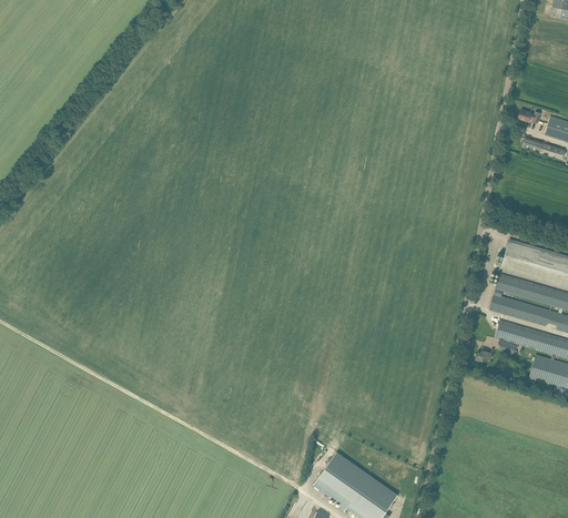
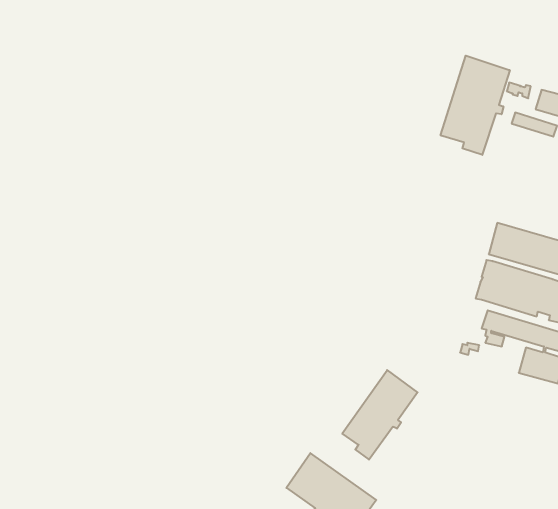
building: none -> [441,56,510,155]
building: none -> [342,370,418,460]

